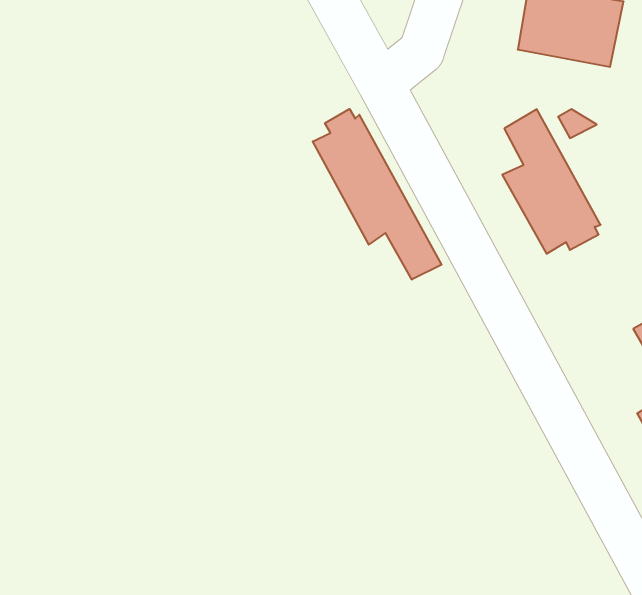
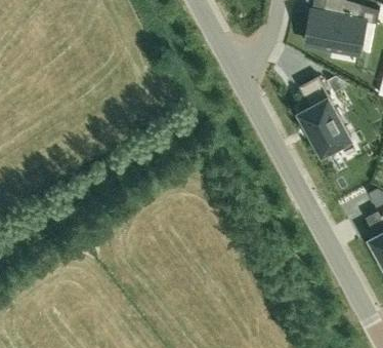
building: [313,109,442,280] -> none

